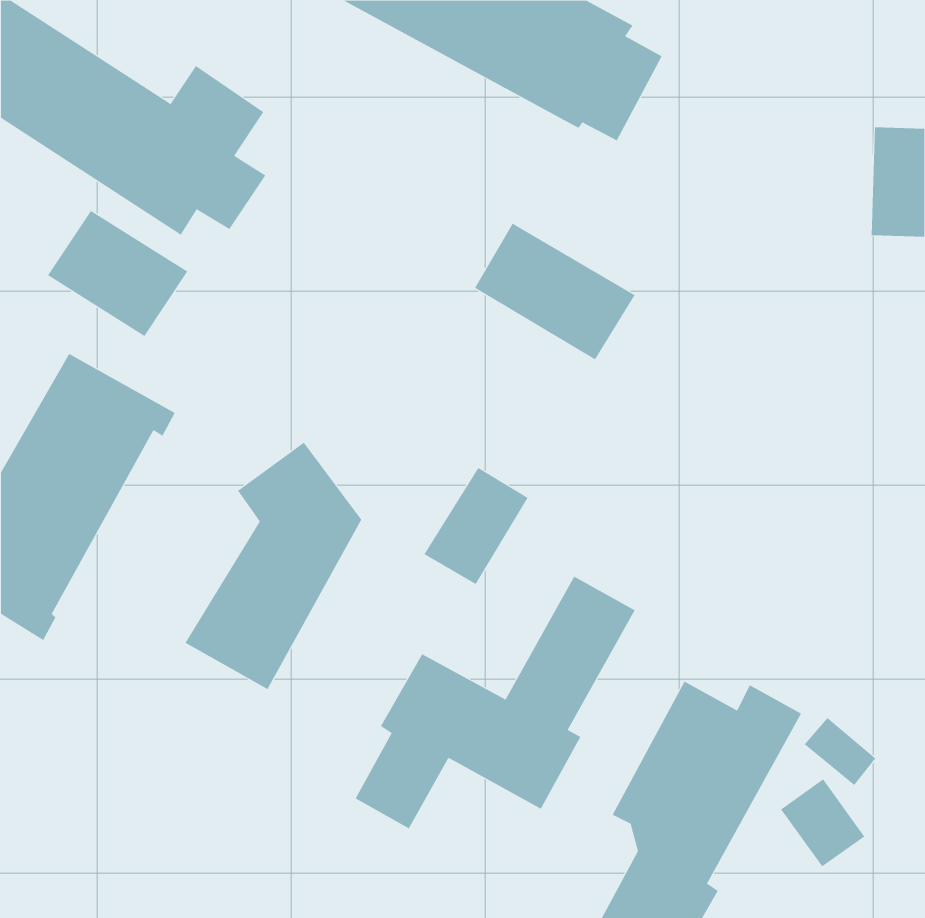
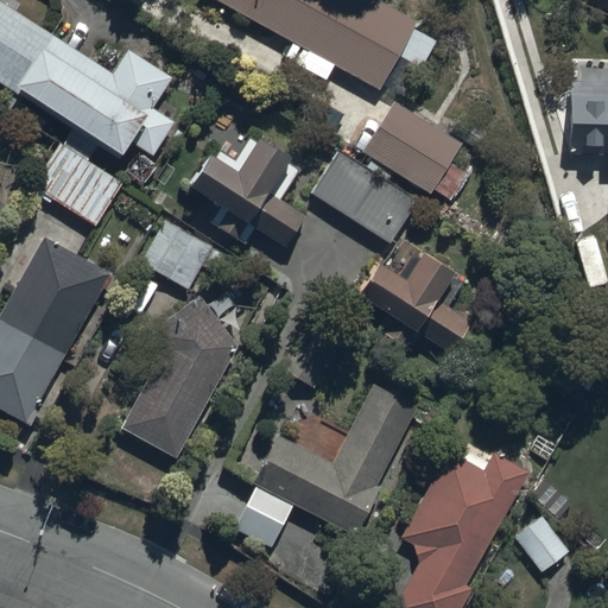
building: none -> [349,100,461,194]
building: none -> [189,129,304,246]
building: none -> [138,215,213,290]
building: none -> [356,245,471,353]

